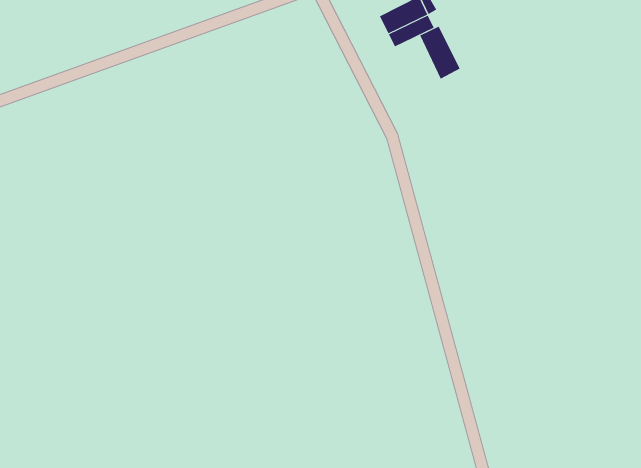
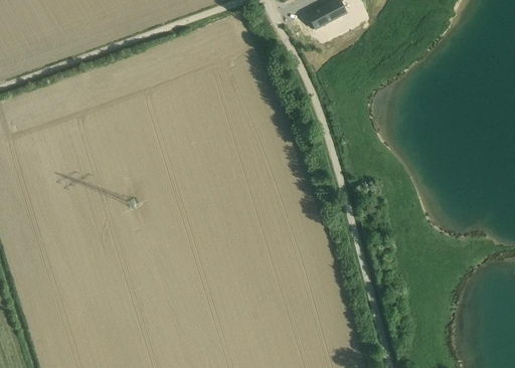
building: [420,26,460,79] -> none

